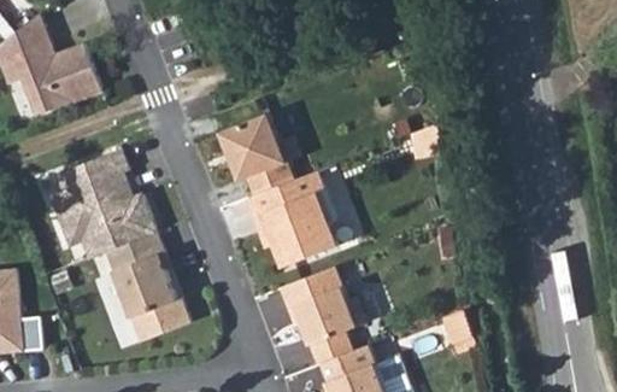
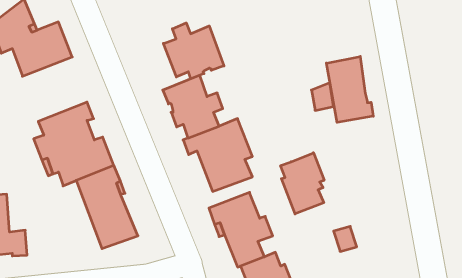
building: none -> [163,23,224,79]
building: none -> [326,56,373,122]
building: none -> [281,153,324,214]

